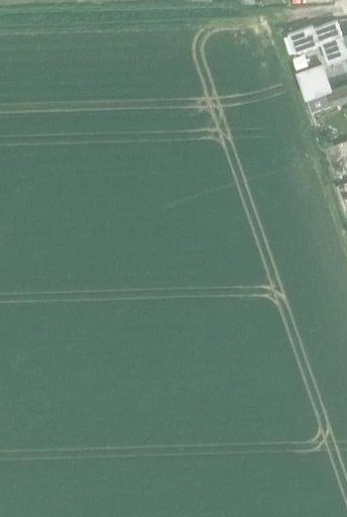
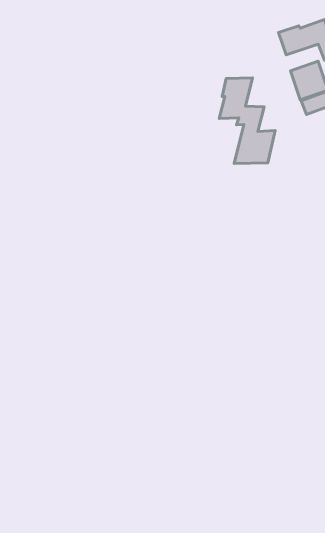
building: none -> [219,78,275,164]

